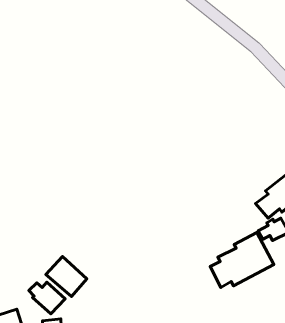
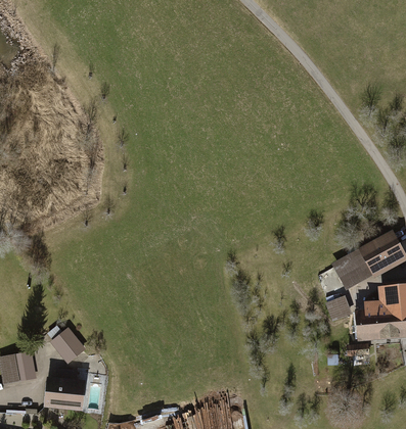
building: [210,233,274,288] -> none
building: [46,256,87,297] -> none

